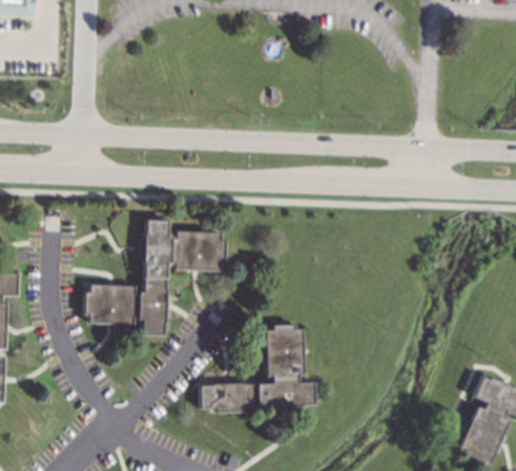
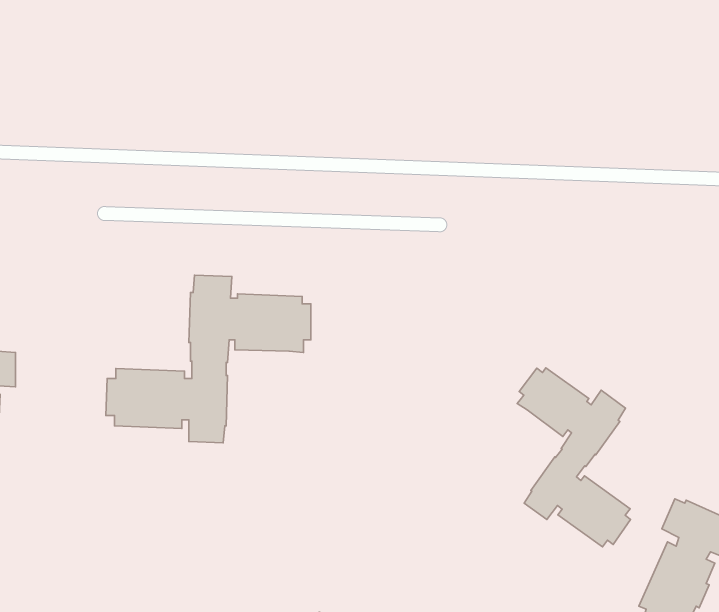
building: none -> [517,368,631,547]
building: [199,323,315,413] -> none

